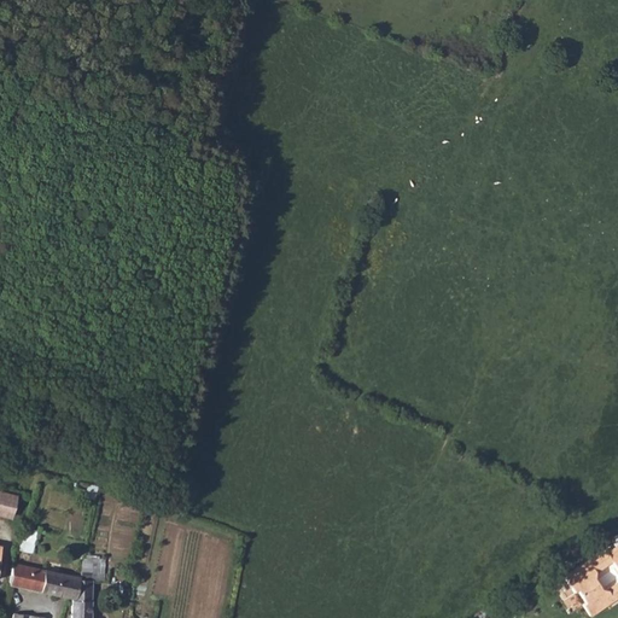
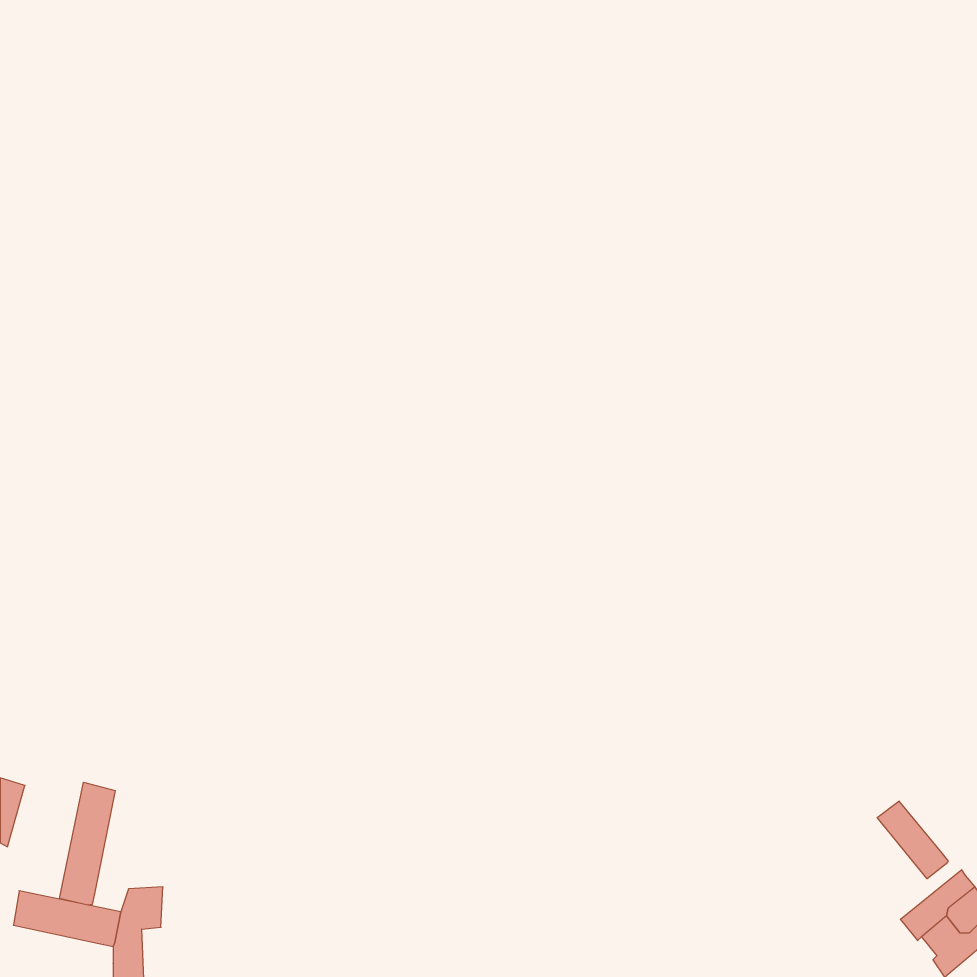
building: none -> [60,782,115,905]
building: none -> [877,801,948,879]

